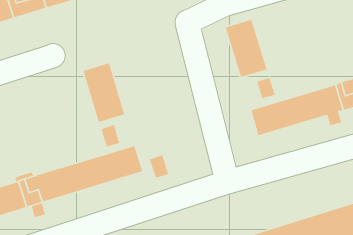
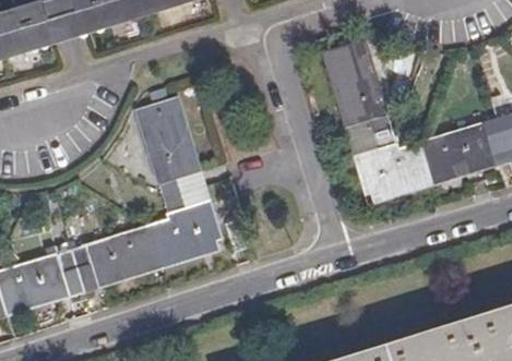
building: none -> [349,110,398,164]
building: none -> [159,170,209,221]

